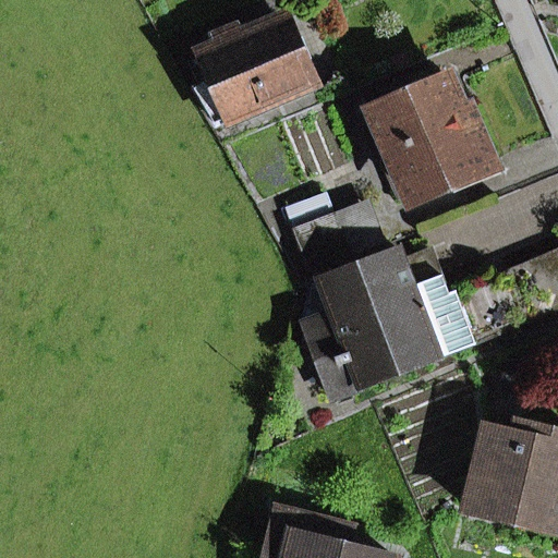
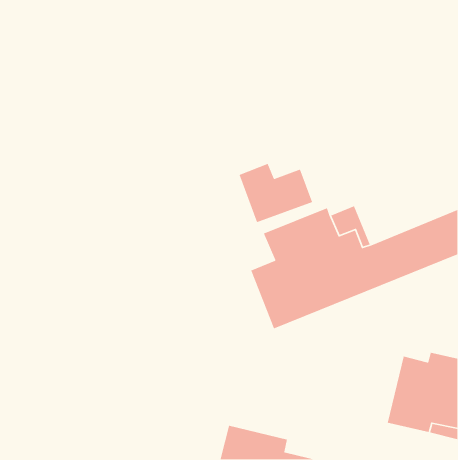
building: [198,23,306,125] -> none
building: [375,71,483,198] -> none

